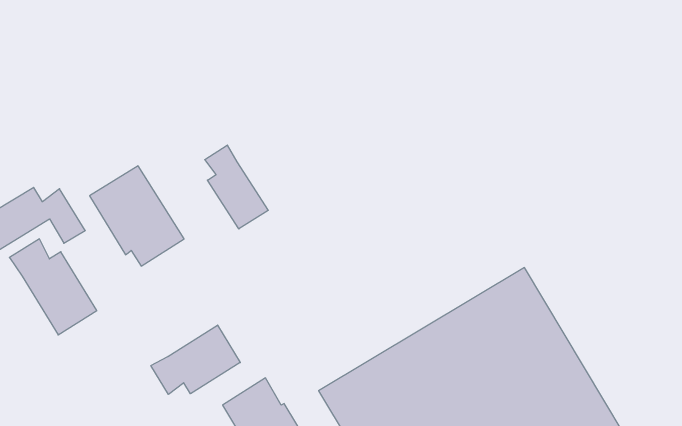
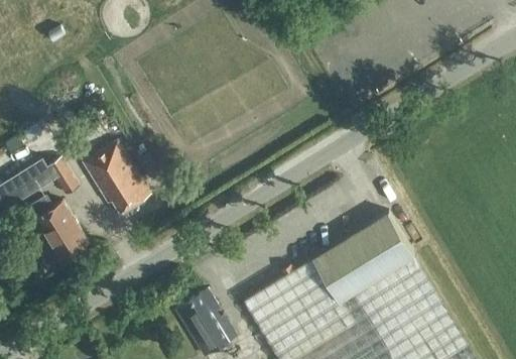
building: [205,145,268,229] -> none
building: [151,325,240,394] -> none

